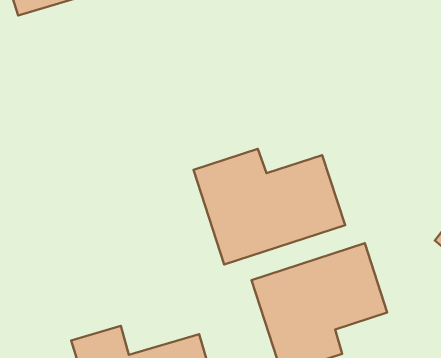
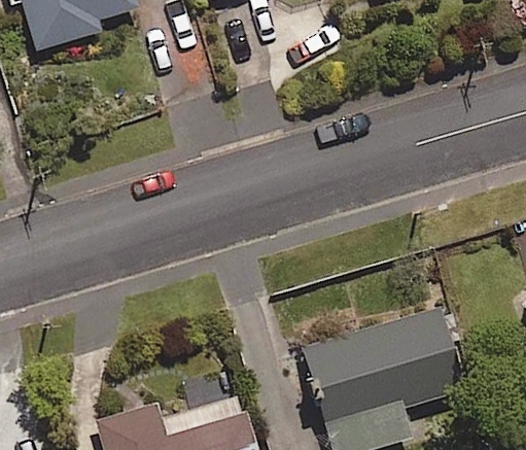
building: [194,149,345,265] -> none

